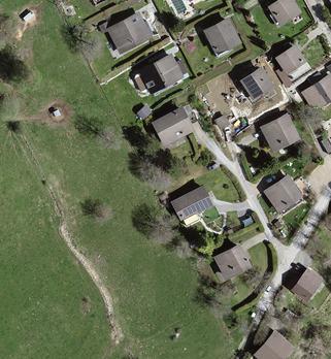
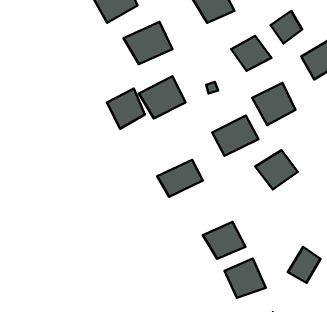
building: none -> [107,89,145,129]
building: none -> [212,116,258,156]
building: none -> [225,259,266,298]

